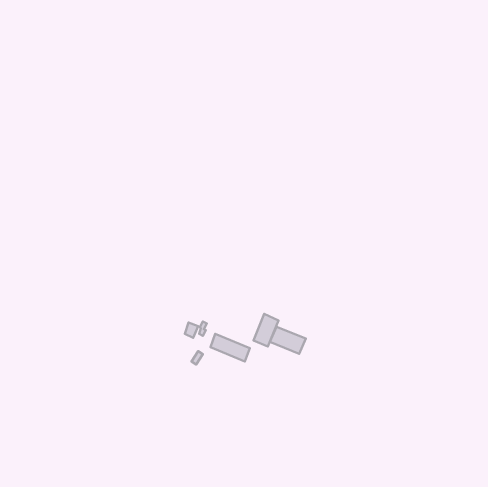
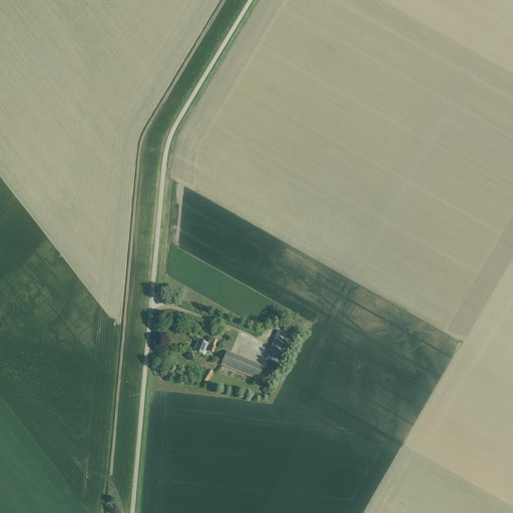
building: [270,327,306,354] -> none

